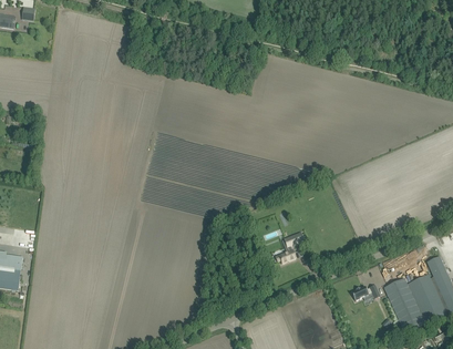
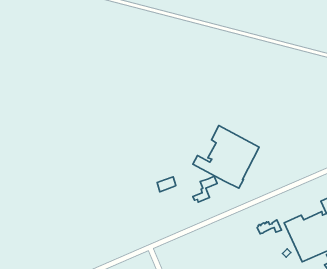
building: none -> [193,126,259,188]

